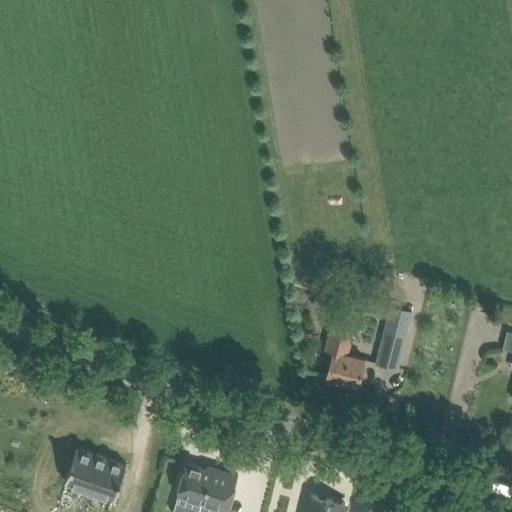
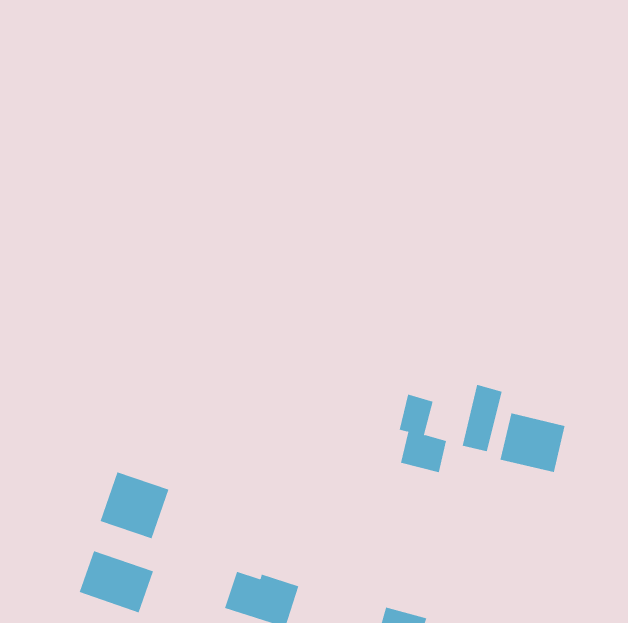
building: none -> [500,413,565,473]
building: none -> [100,471,169,539]

